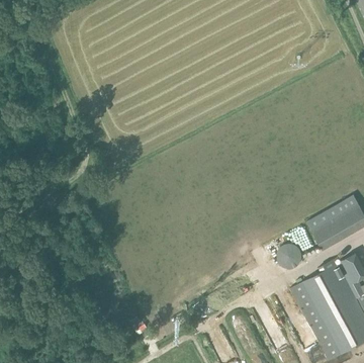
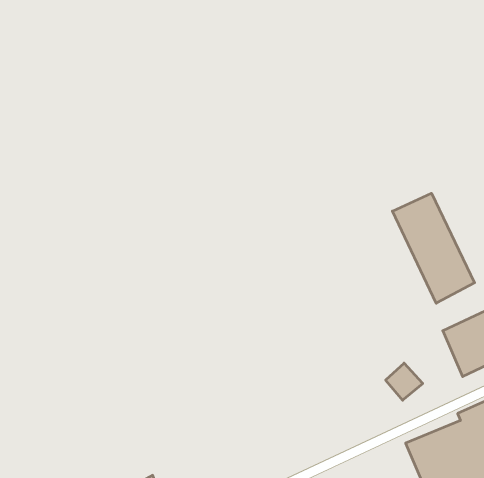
building: none -> [392,193,475,303]

